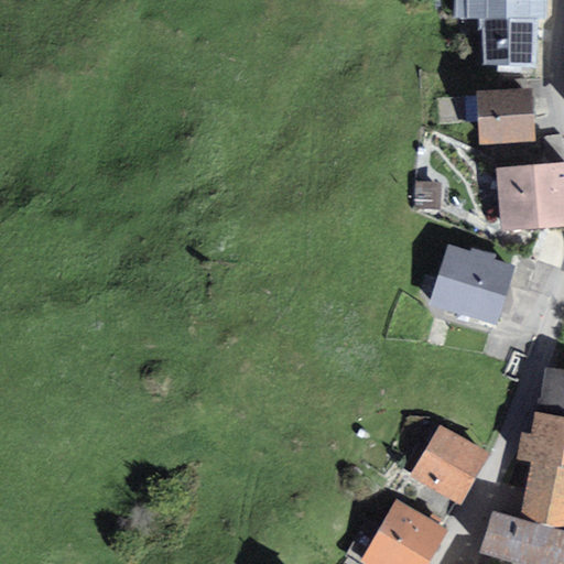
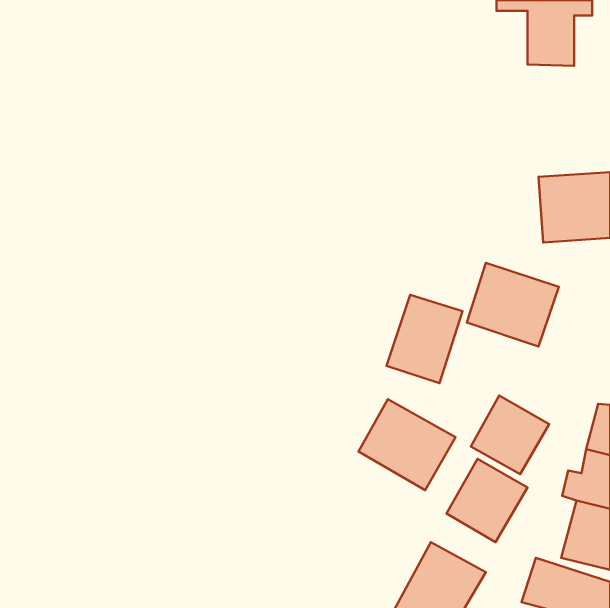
building: [476,87,534,139] -> none
building: none -> [387,295,462,383]
building: none -> [471,396,549,474]
building: none -> [358,399,456,490]

